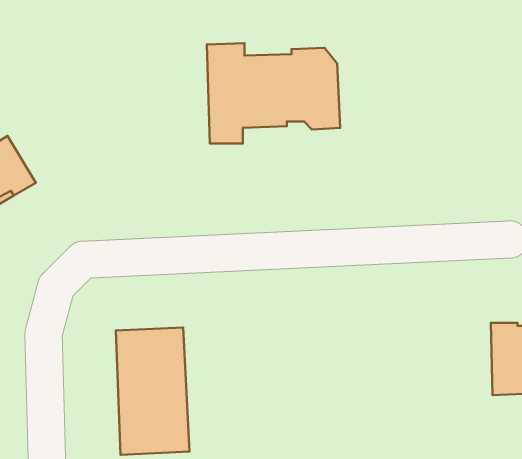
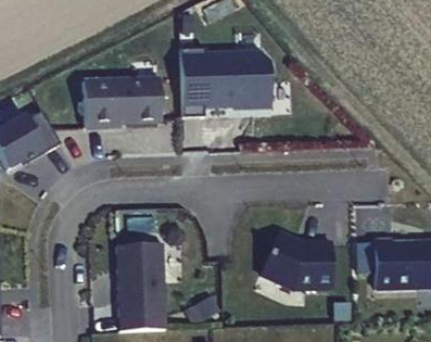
building: none -> [83,76,161,126]
building: none -> [261,232,333,288]

